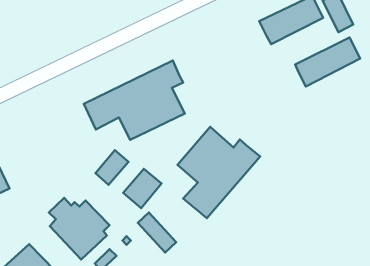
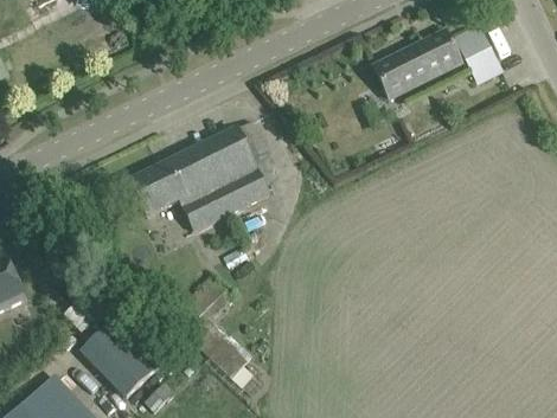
building: [295,38,360,87] -> none
building: [178,127,260,218] -> none
building: [96,150,129,185] -> none

